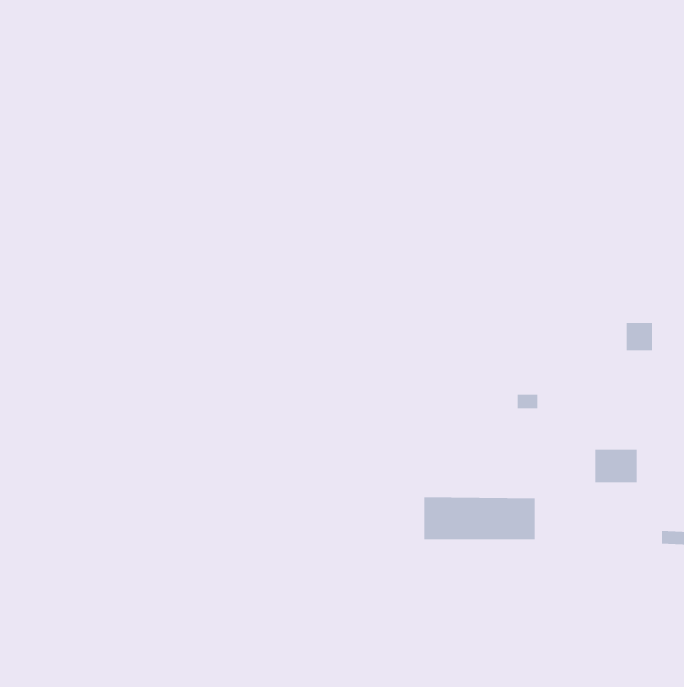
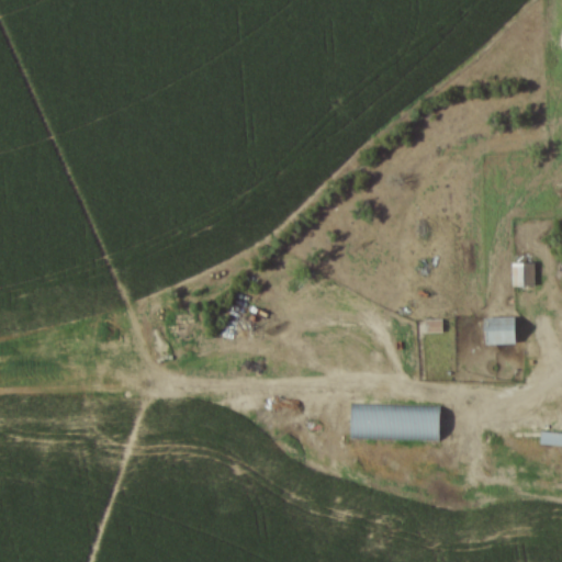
building: [594,449,638,483] -> [481,317,516,345]

